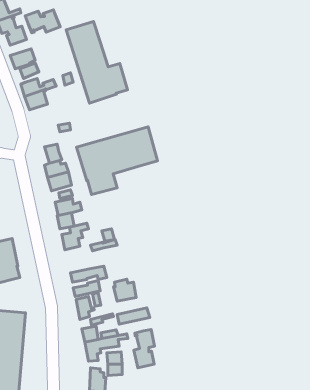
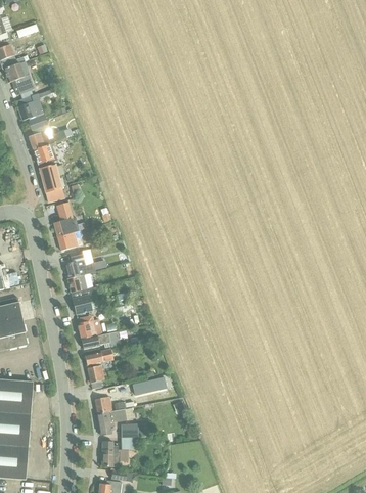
building: [25,10,60,33] -> none
building: [66,21,128,103] -> none
building: none -> [38,164,63,203]
building: [77,127,158,194] -> none
building: [113,279,136,301] -> [77,315,101,339]
building: [134,329,154,368] -> none

